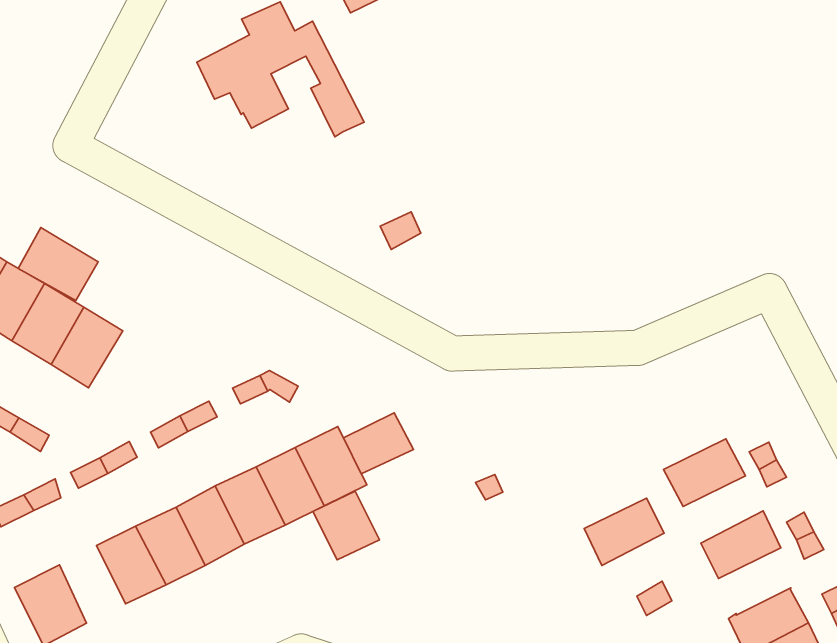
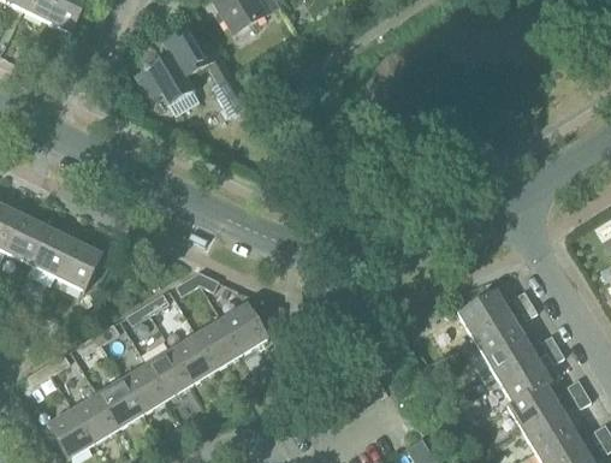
building: [18,228,98,301] -> none
building: [343,413,413,474] -> none
building: [313,491,379,560] -> none
building: [584,498,664,565] -> [473,313,524,358]
building: none -> [75,382,119,441]
building: none -> [499,357,551,403]

